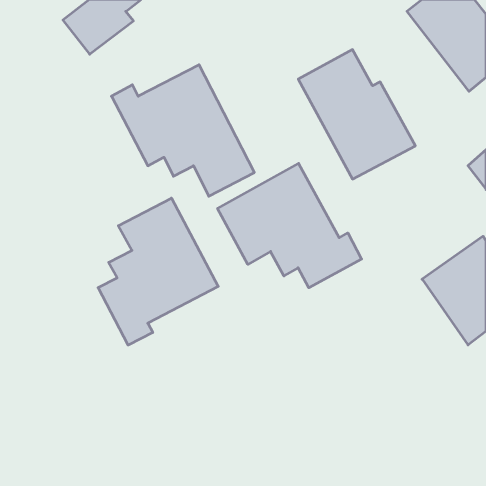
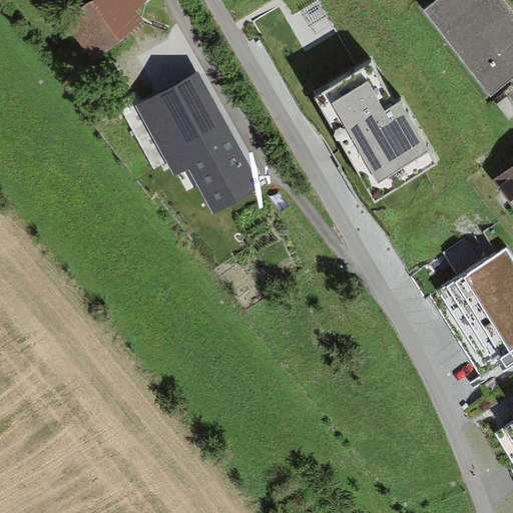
building: [218,163,362,288] -> none
building: [98,198,218,345] -> none

